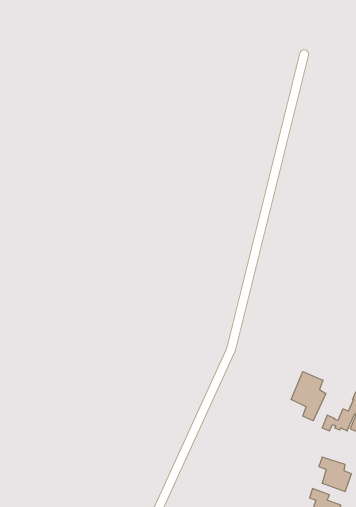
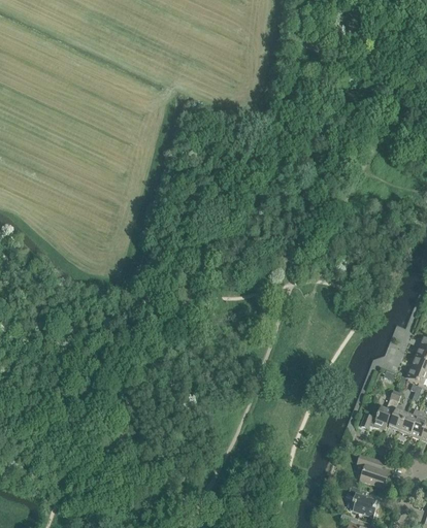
building: [291,372,326,421] -> none

